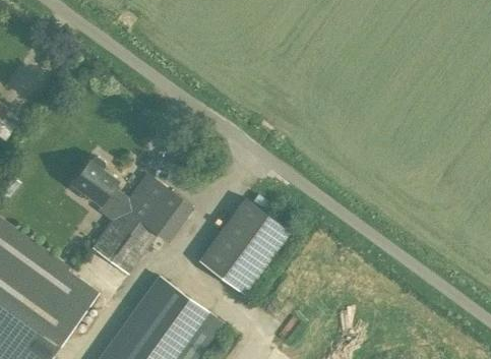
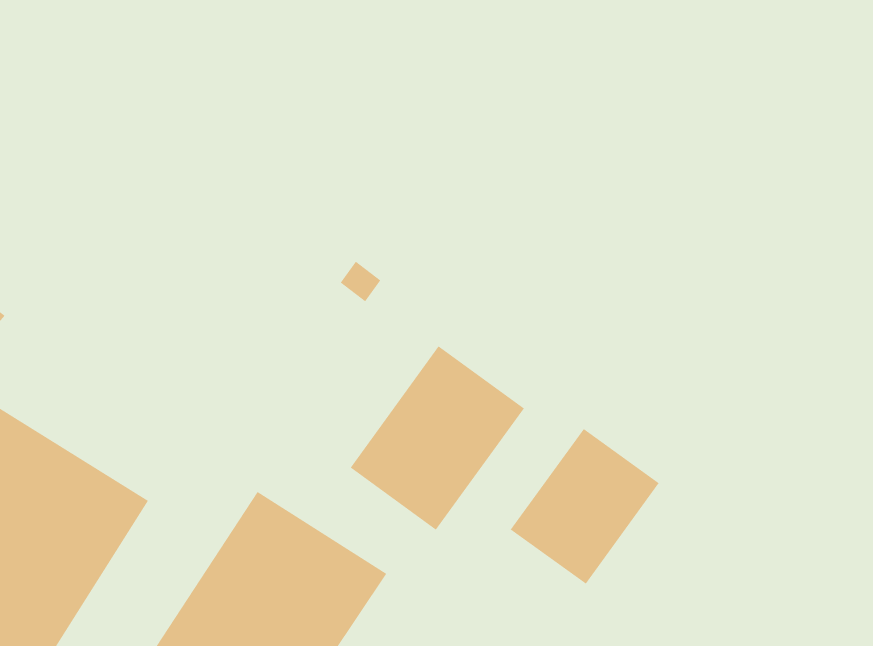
building: [73,159,194,276] -> none
building: none -> [510,428,660,585]

